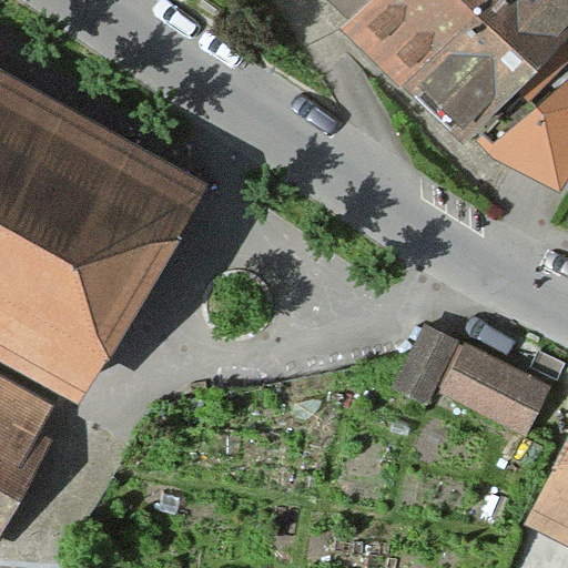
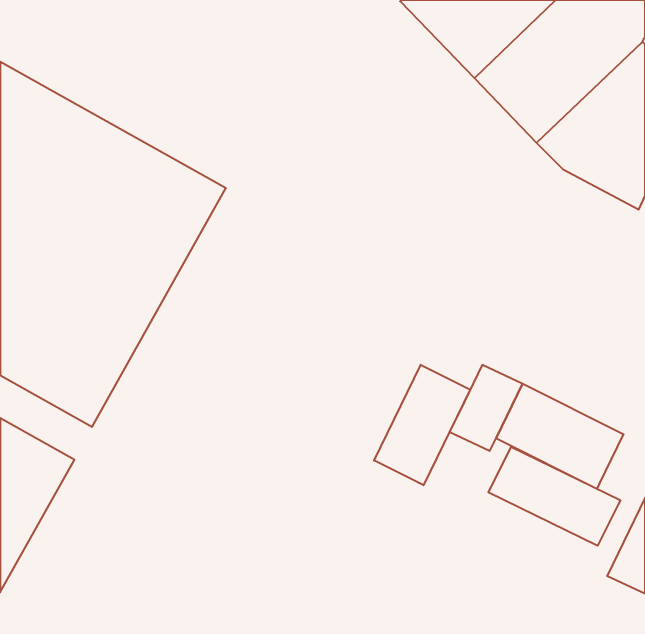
building: none -> [374,365,470,485]
building: none -> [488,447,620,546]

